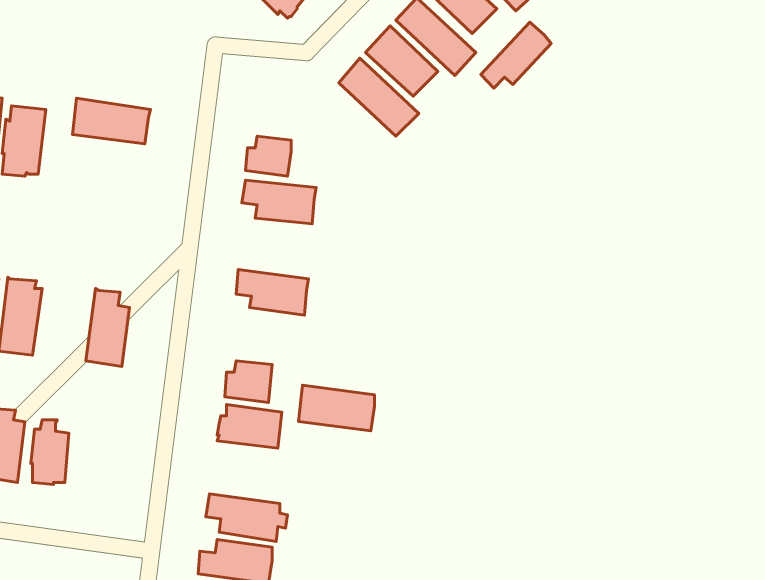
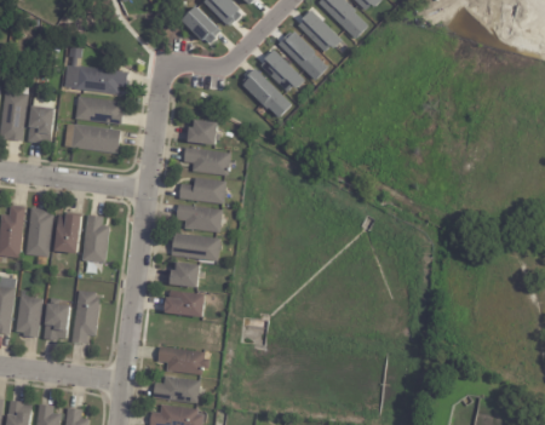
building: none -> [61,44,125,92]
building: [481,22,551,88] -> none
building: none -> [61,120,117,150]
building: none -> [178,176,225,202]
building: none -> [53,213,81,255]
building: [299,385,375,431] -> [171,231,219,260]
building: none -> [71,291,99,345]

